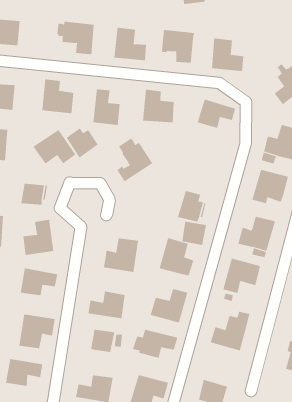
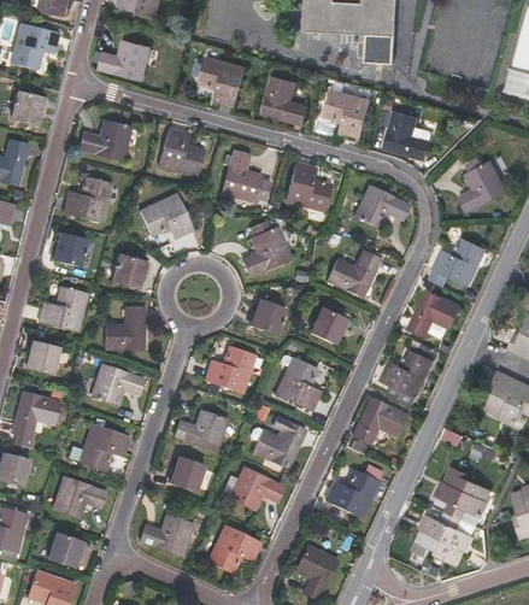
building: [66,127,99,158] -> none
building: none -> [328,251,380,298]
building: [181,221,207,245] -> [248,300,284,335]

